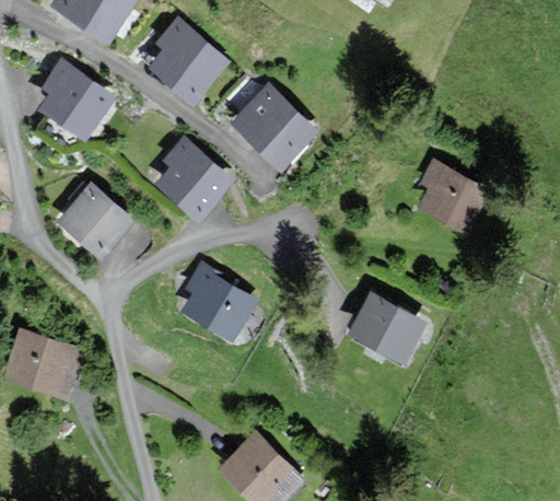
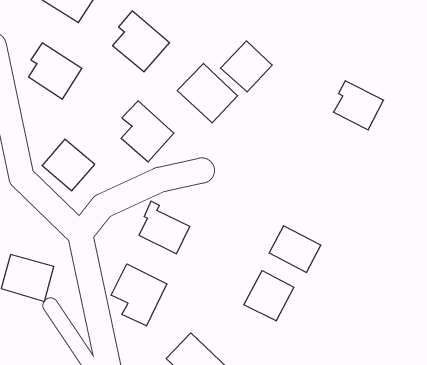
building: none -> [220,41,272,92]
building: [420,164,485,228] -> [333,81,384,130]
building: none -> [111,264,167,326]
building: none -> [244,271,294,321]

